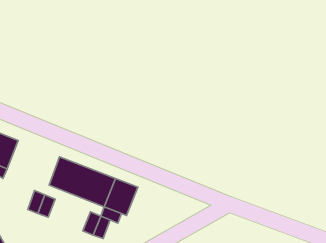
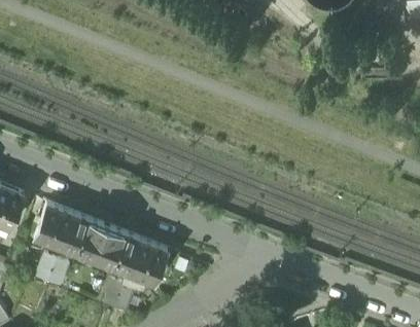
building: none -> [36,203,76,247]

